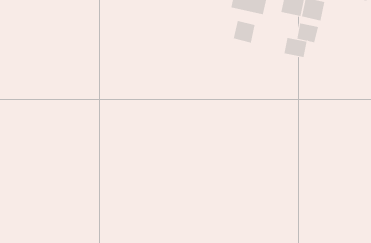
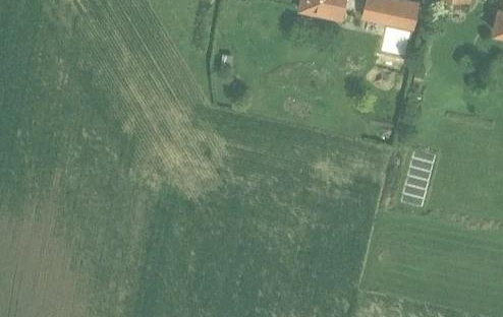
building: [233,20,255,43] -> none
building: [284,37,307,58] -> none

